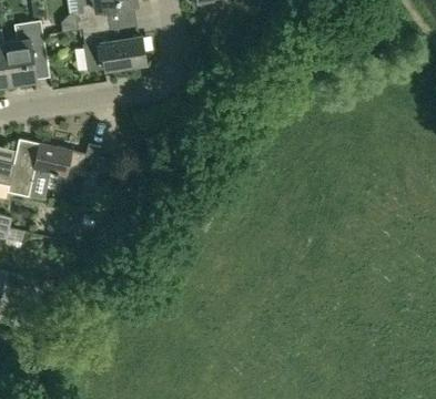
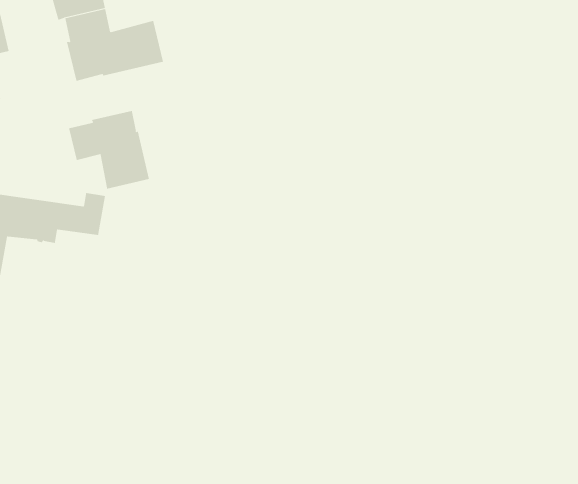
building: none -> [69,110,149,189]

